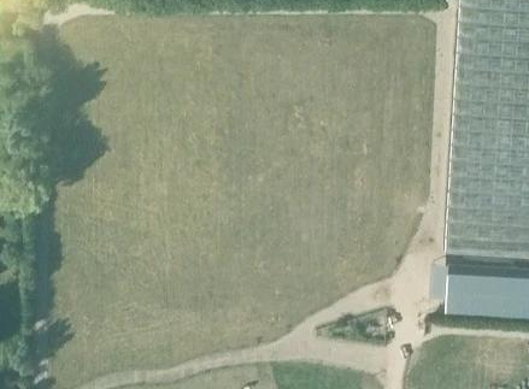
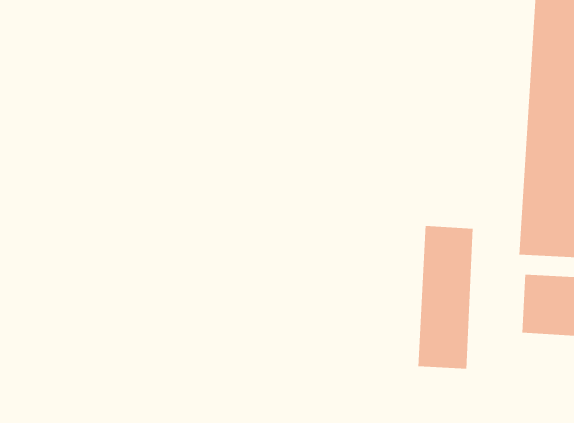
building: none -> [418,225,473,370]

